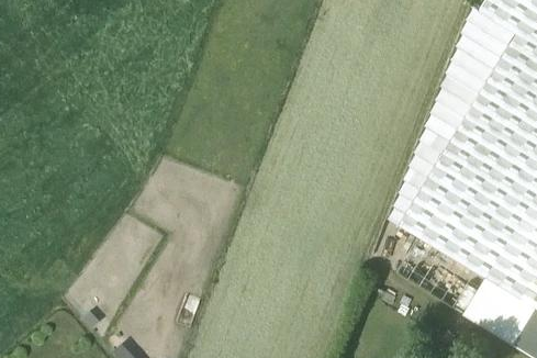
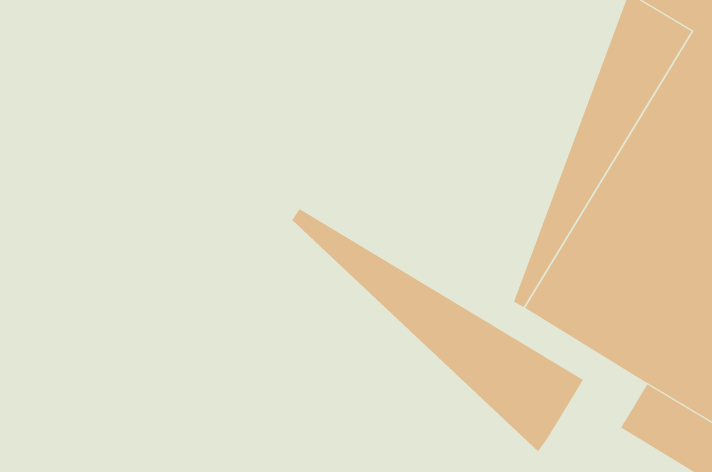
building: none -> [292,208,584,452]

